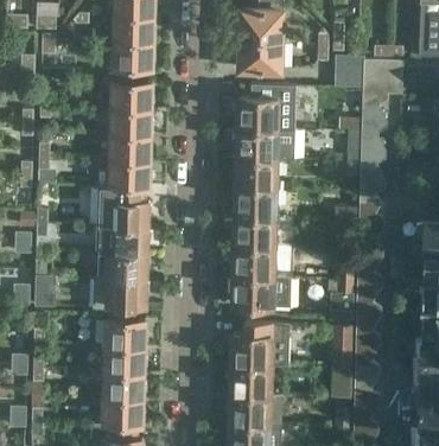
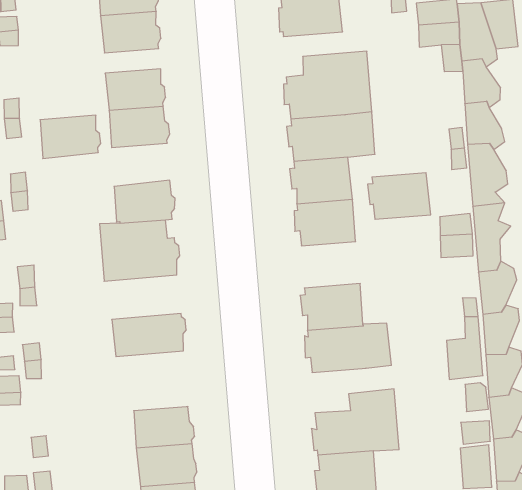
building: [110,136,152,164] -> [40,115,101,159]
building: [233,219,274,250] -> [368,173,431,219]
building: [95,229,149,257] -> none
building: [94,282,148,310] -> none

